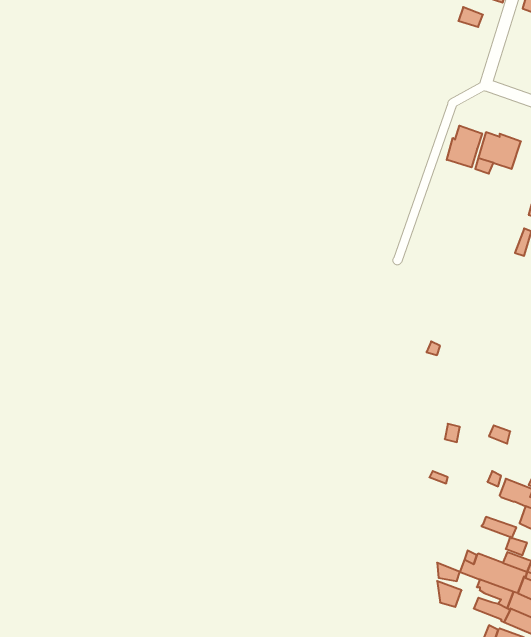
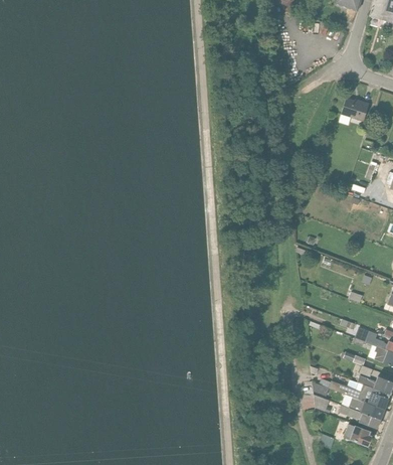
building: [447,126,482,167] -> none

